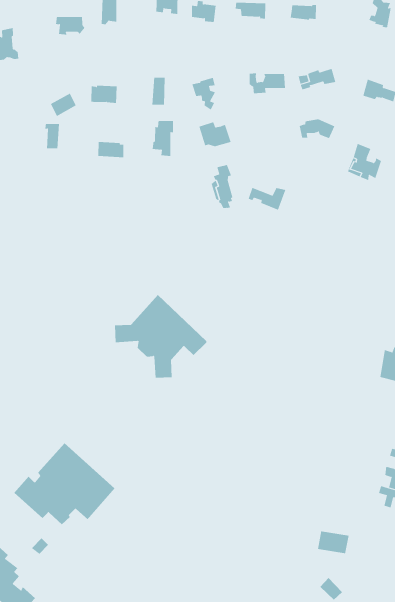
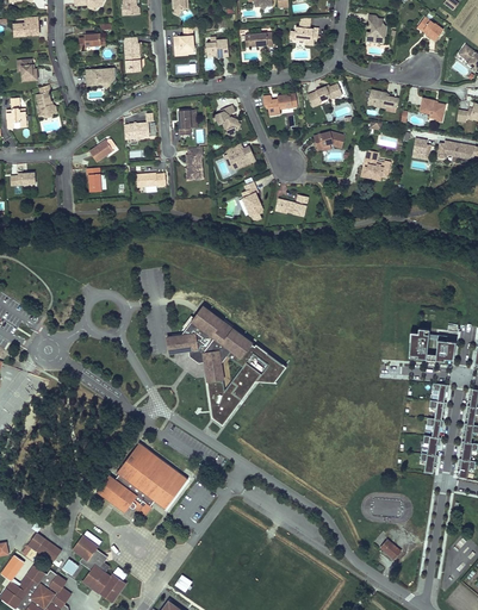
building: none -> [210,342,287,418]

